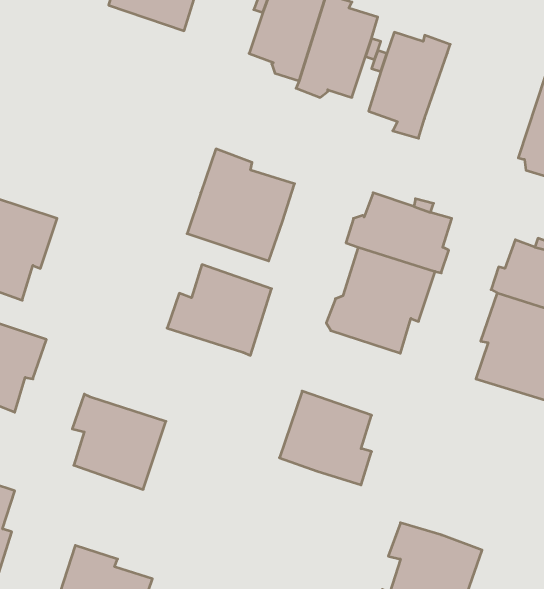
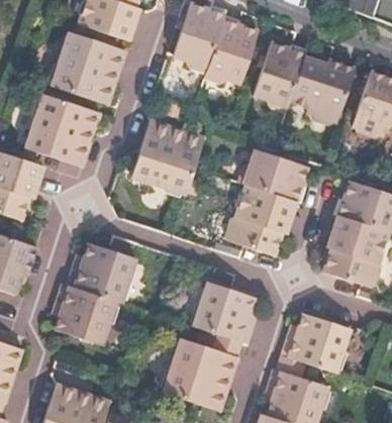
building: none -> [52,32,126,103]
building: none -> [290,57,356,126]
building: none -> [26,95,95,167]
building: [167,265,272,355] -> [67,243,136,304]
building: none -> [282,314,351,374]
building: none -> [164,338,237,409]

